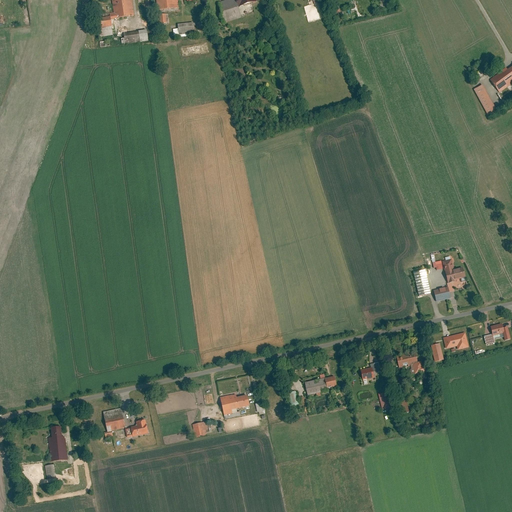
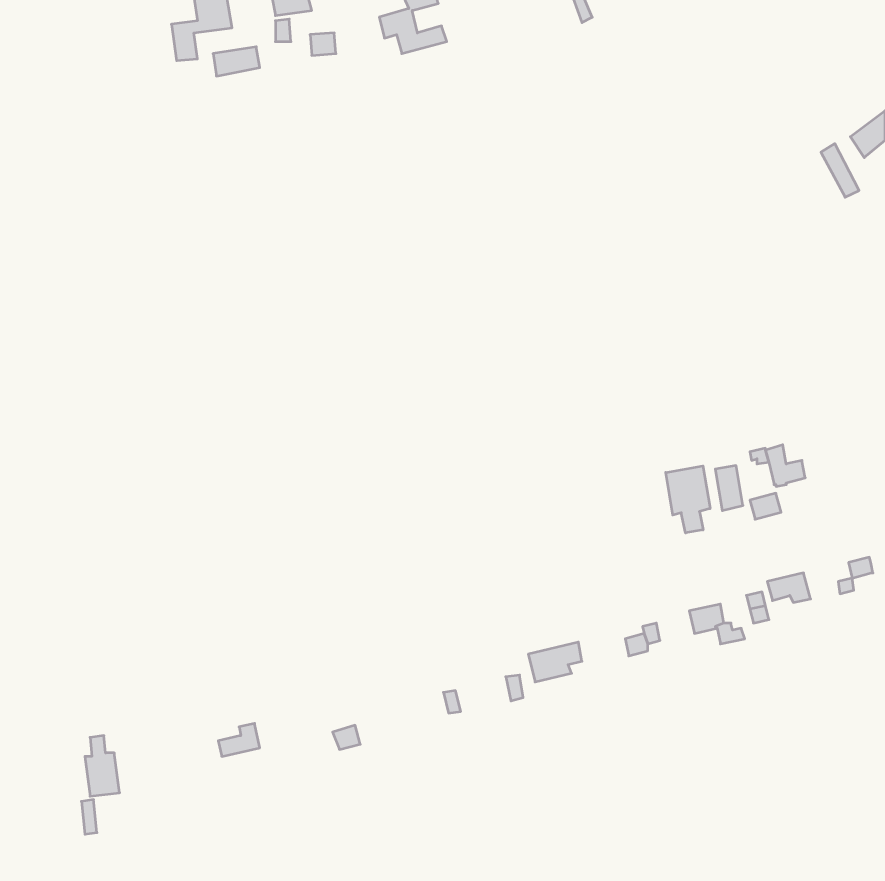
building: none -> [666,466,710,533]
building: [221,393,251,415] -> none
building: [103,405,125,430] -> none

